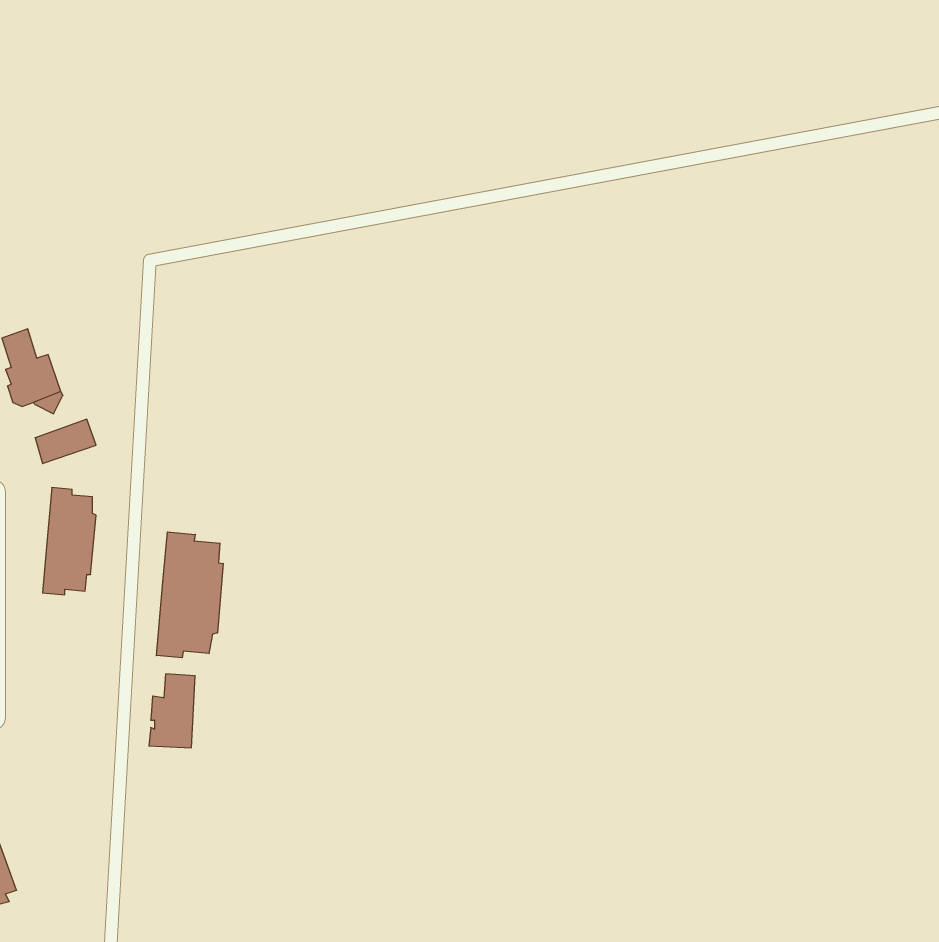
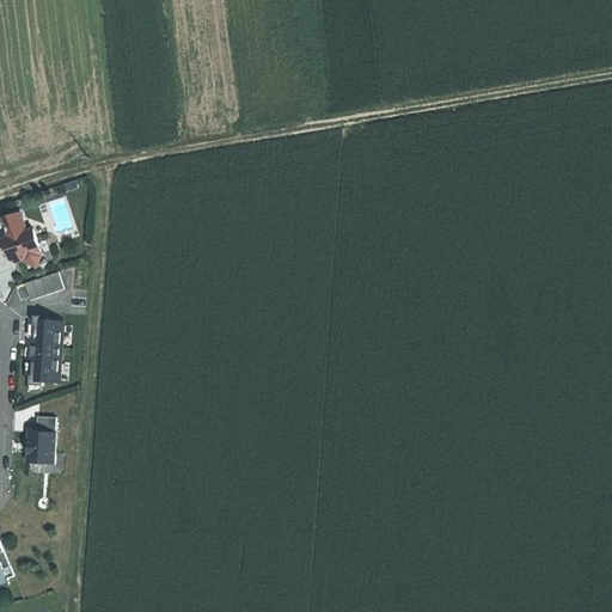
building: [156,532,223,658] -> none
building: [149,674,195,748] -> [25,416,55,464]

